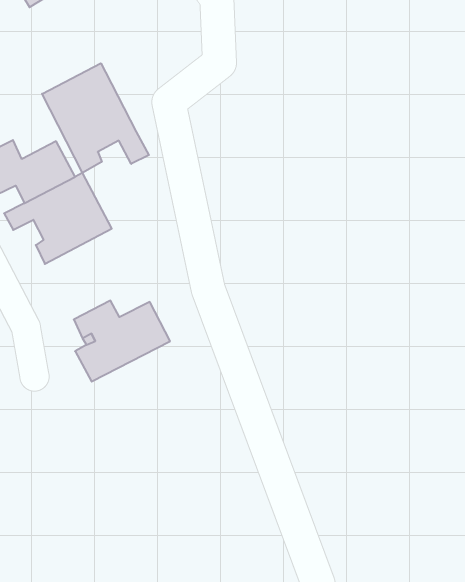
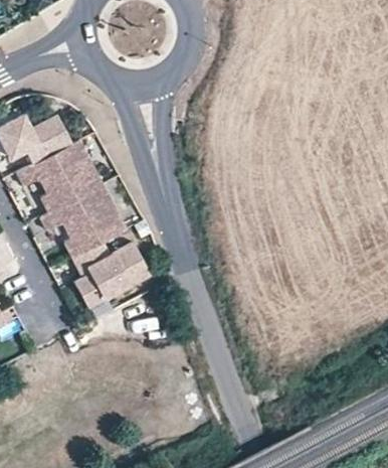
building: [42,63,149,173] -> none
building: none -> [39,185,125,257]

